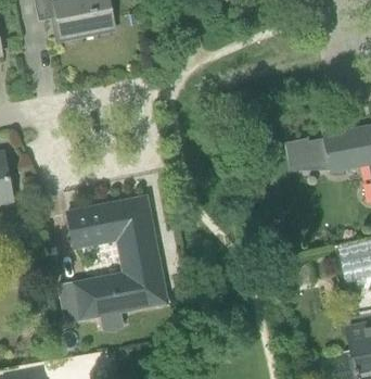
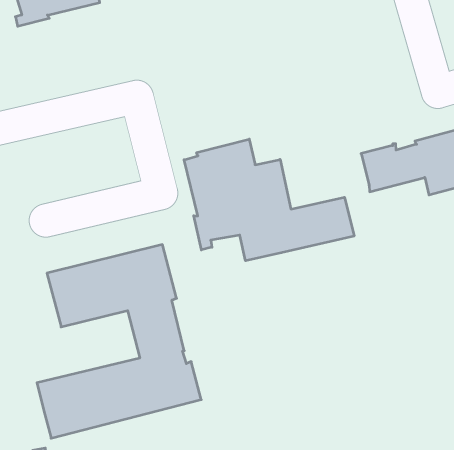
building: none -> [184,139,354,261]

